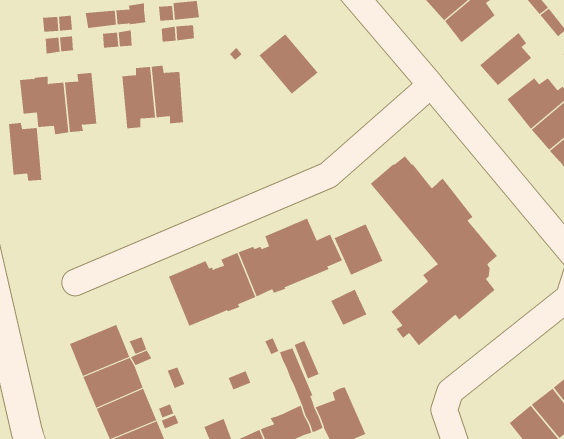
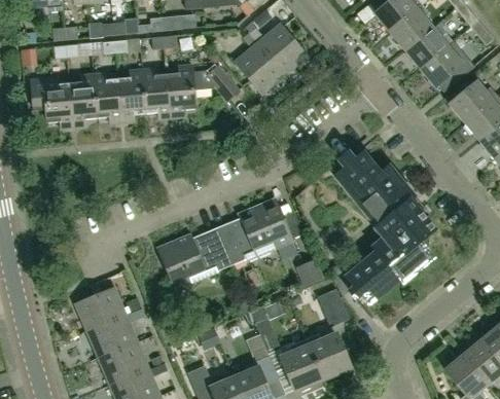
building: none -> [248,22,308,74]
building: none -> [404,26,453,68]
building: none -> [168,63,242,116]
building: [8,123,42,181] -> [94,73,122,122]
building: [334,224,383,276] -> none
building: none -> [317,287,350,326]
building: none -> [307,333,352,378]

